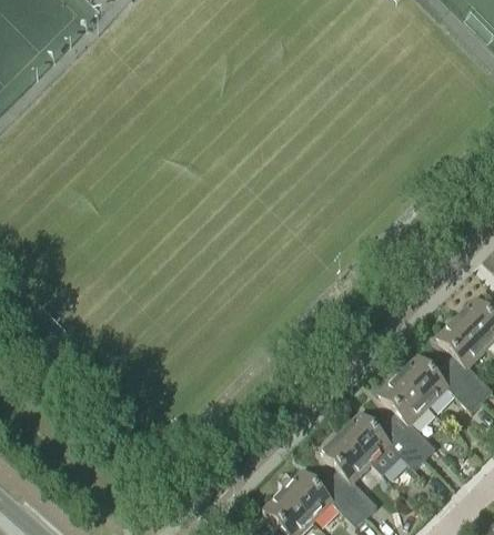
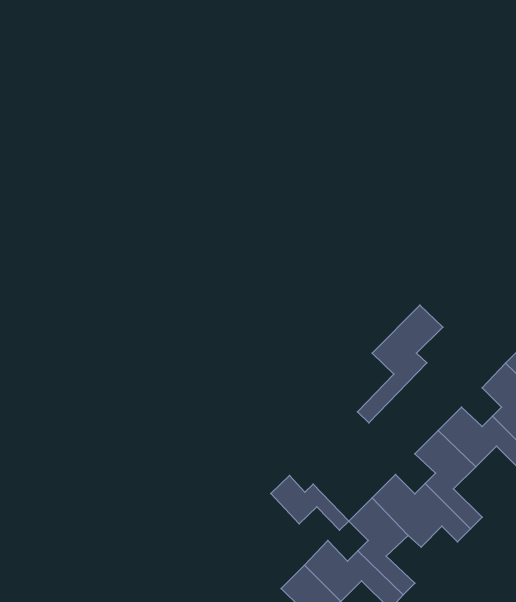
building: none -> [357,305,443,423]
building: none -> [271,475,349,530]

